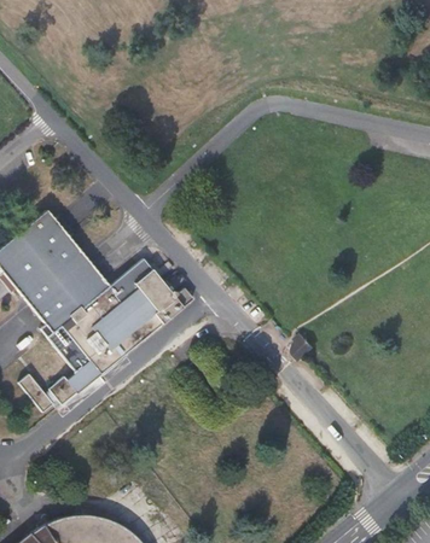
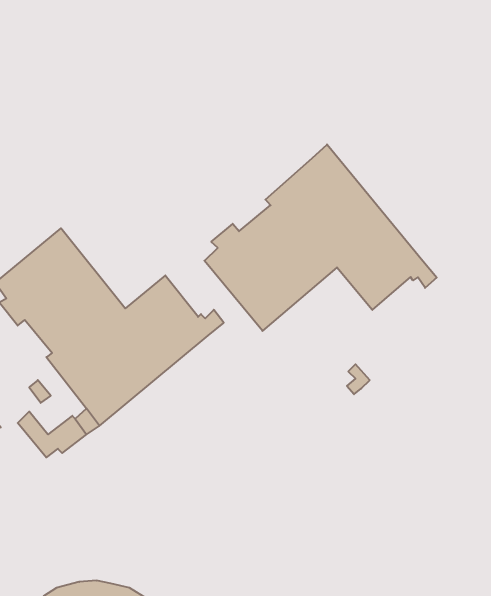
building: none -> [204,144,437,331]

